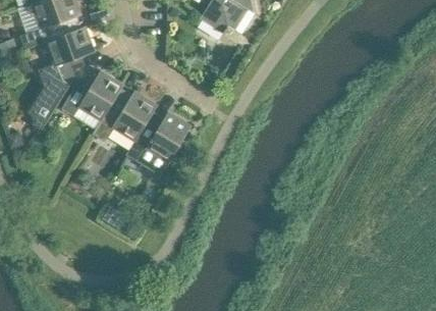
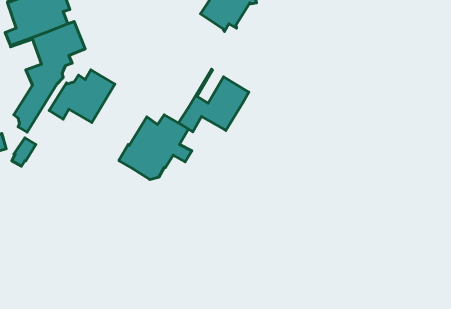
building: [92,82,157,140] -> [179,69,249,132]

